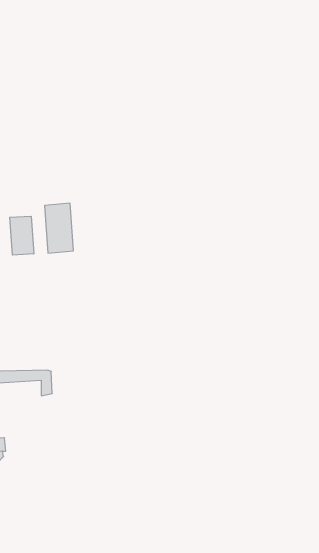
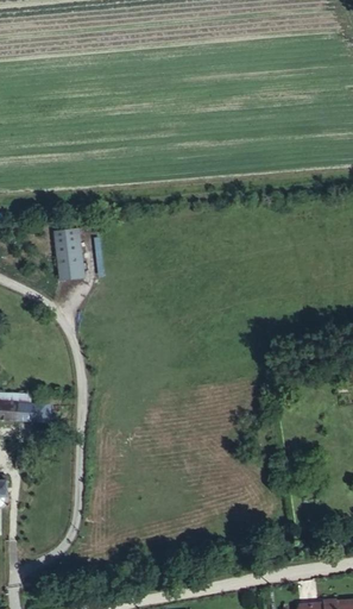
building: [10,216,34,255] -> none

